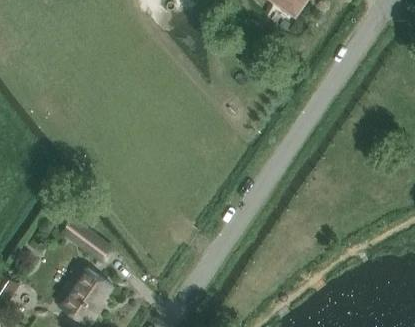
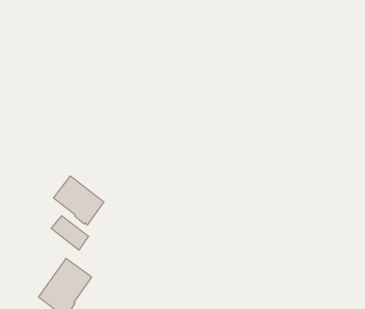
building: none -> [54,176,104,225]

